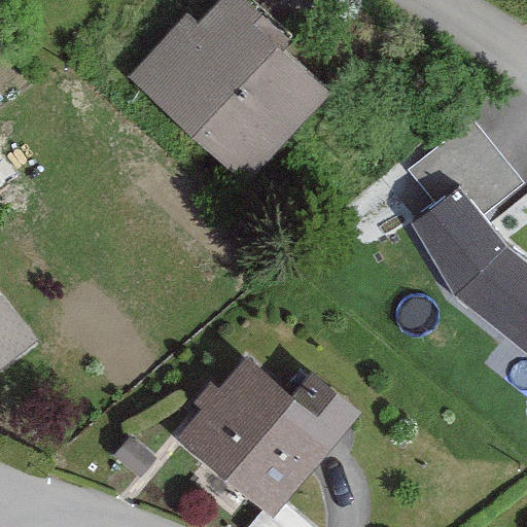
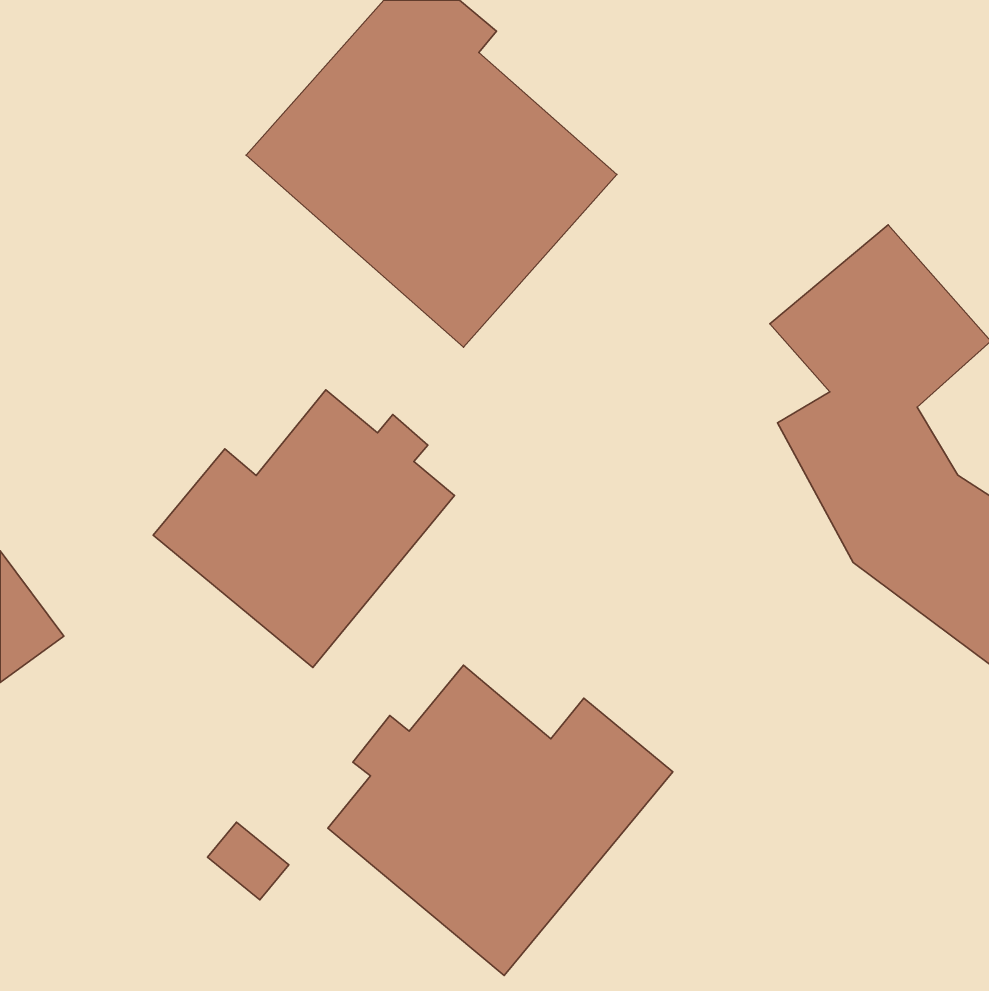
building: none -> [153,390,454,667]

